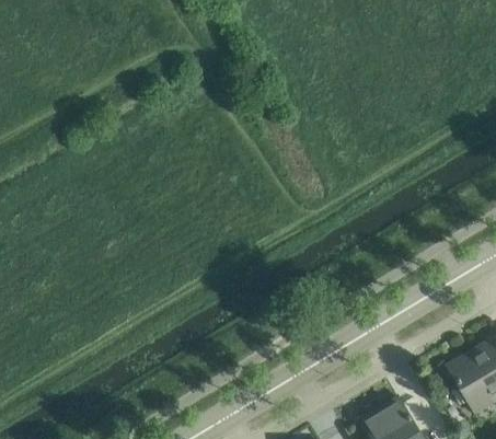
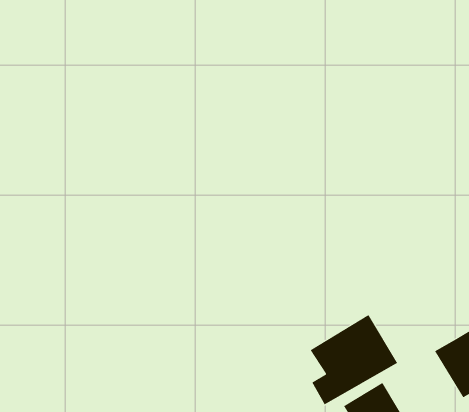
building: none -> [310,314,398,405]

